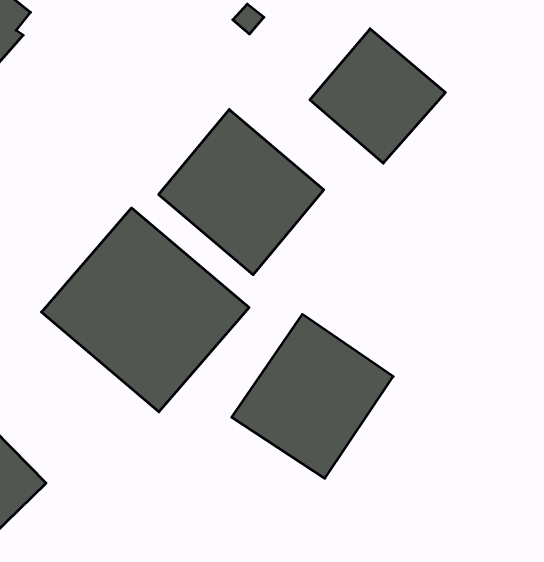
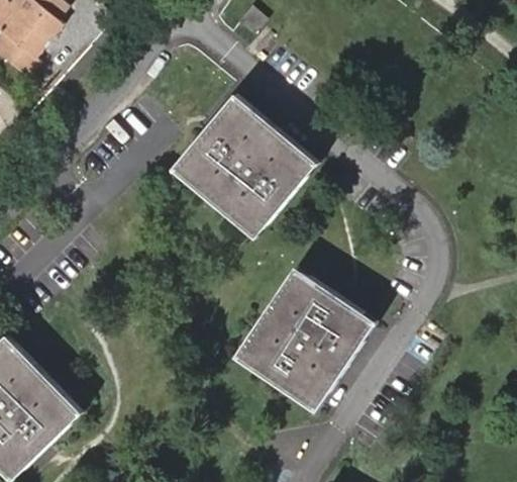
building: [310,29,445,163] -> none
building: [41,208,249,412] -> none

